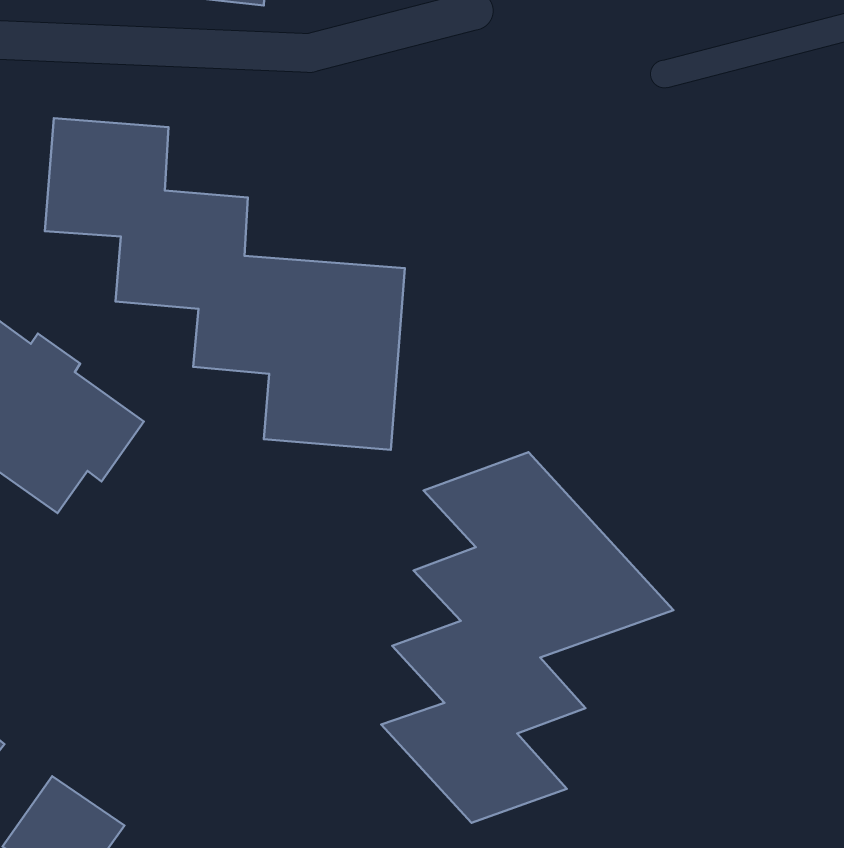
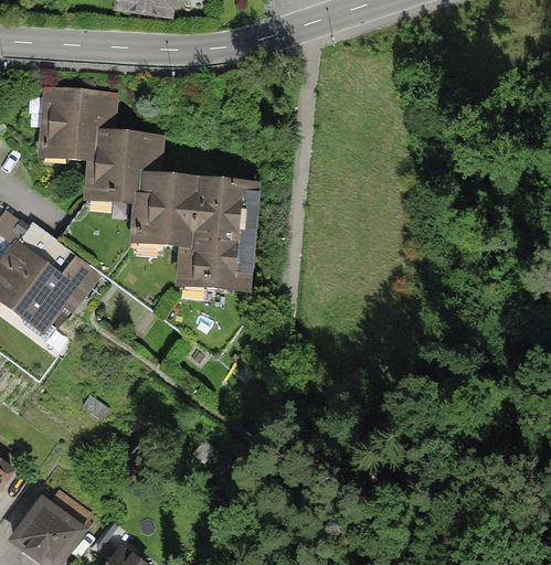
building: [381,452,673,823] -> none

